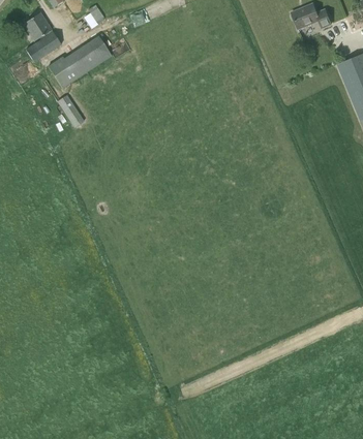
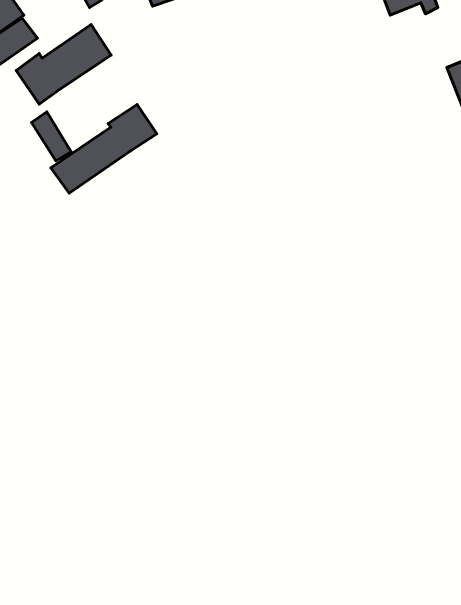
building: none -> [51,105,157,193]

